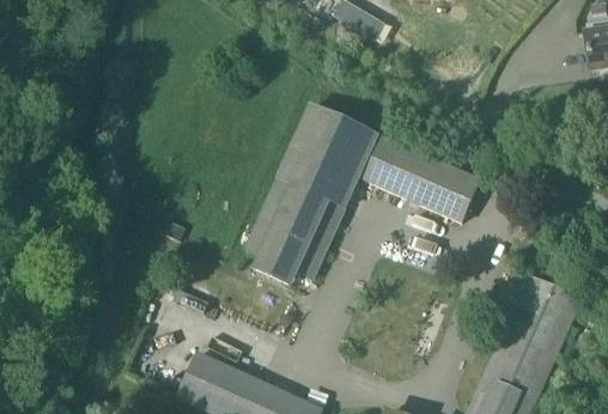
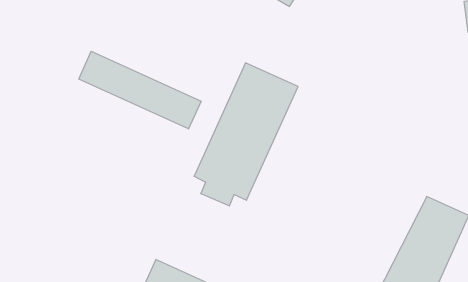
building: none -> [79,51,201,129]
building: [365,138,480,221] -> none

